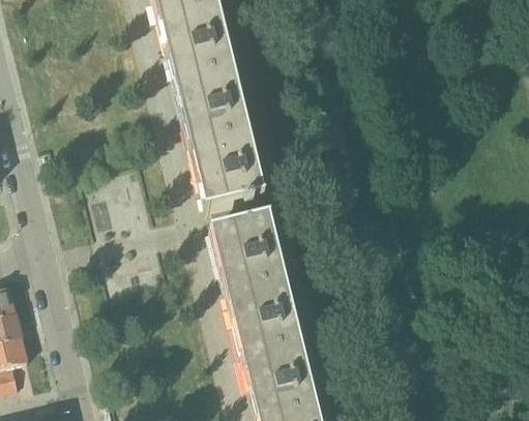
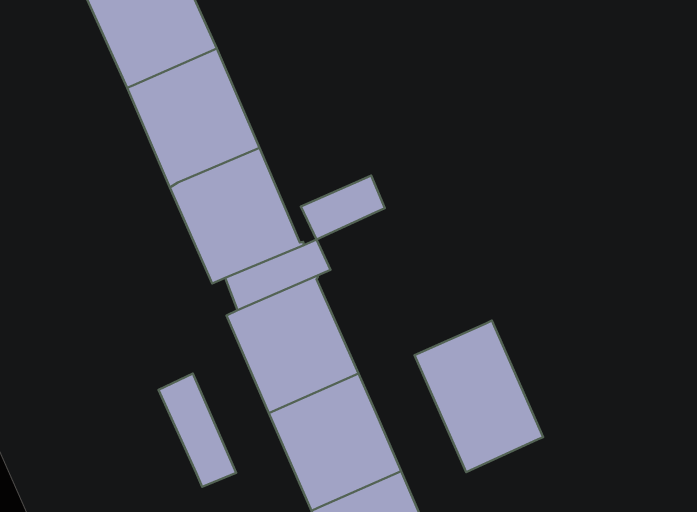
building: none -> [301,176,385,240]
building: none -> [415,320,543,472]
building: none -> [159,373,236,487]

